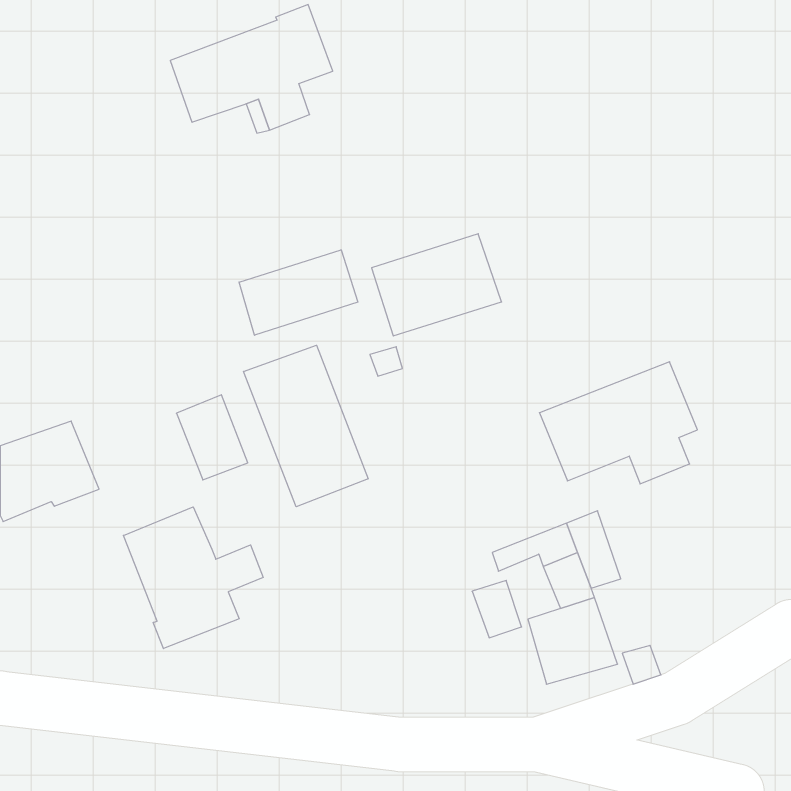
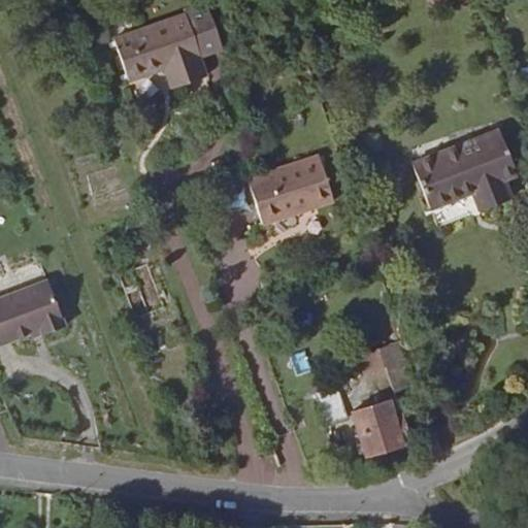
building: [239,250,358,335] -> none
building: [244,345,368,507] -> none
building: [539,362,697,484] -> [411,130,517,211]
building: [123,507,263,649] -> none

